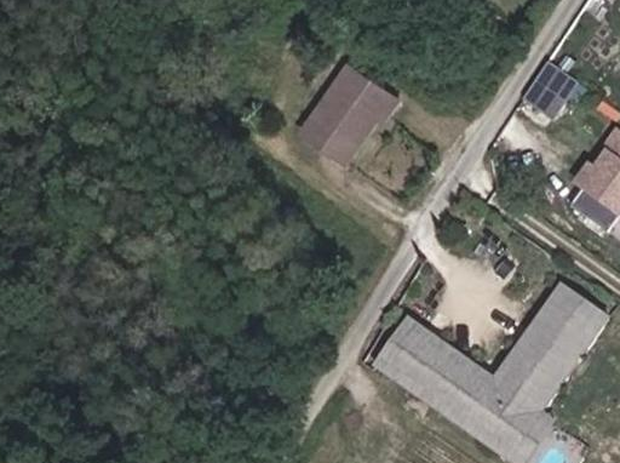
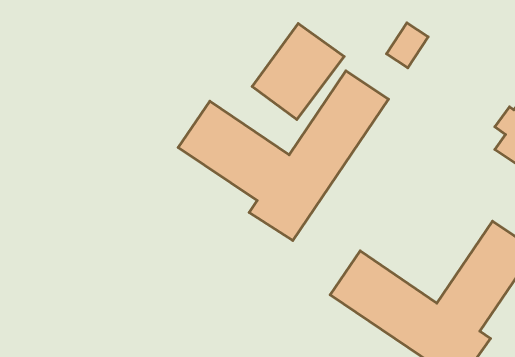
building: [523,62,570,113] -> [387,23,428,68]
building: none -> [178,71,388,240]

